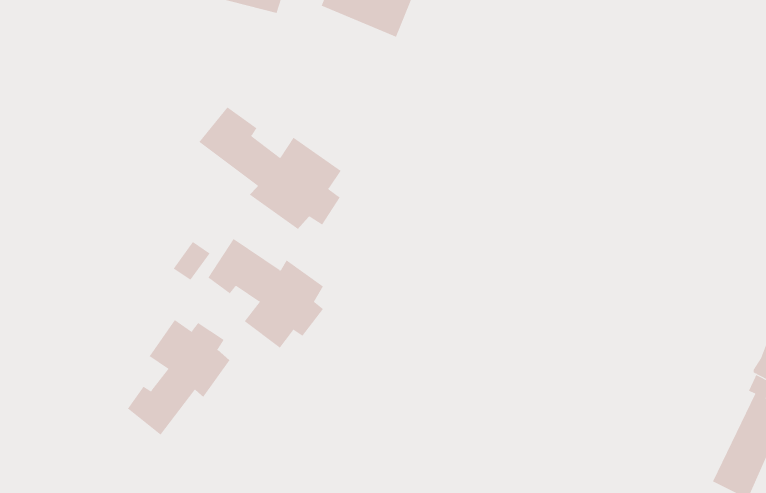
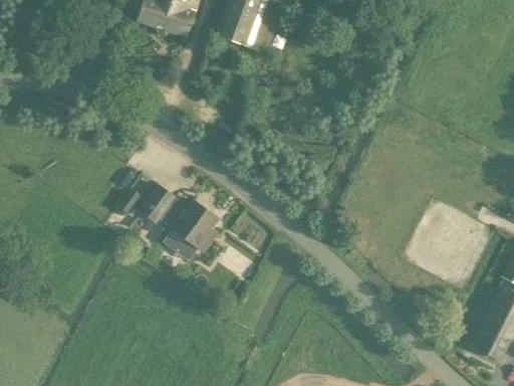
building: [199,107,342,230] -> none
building: [127,319,230,435] -> none

